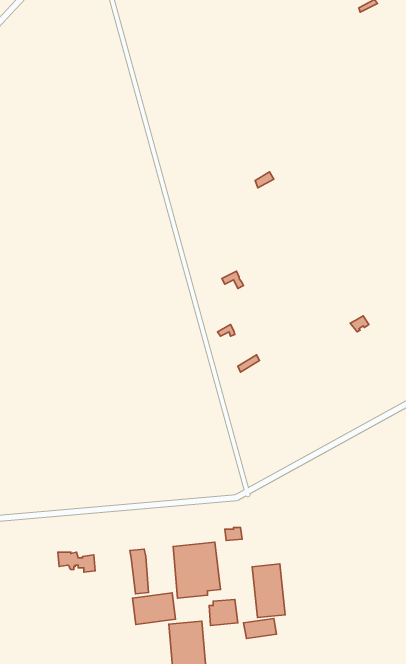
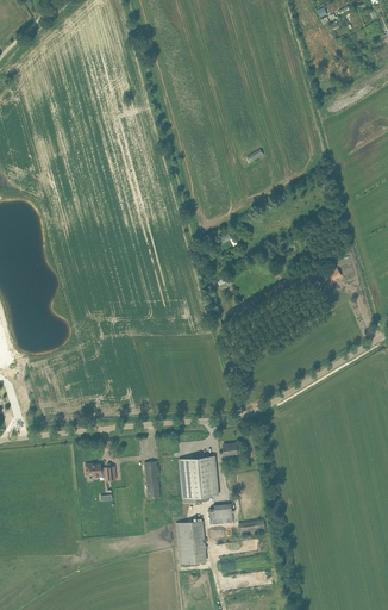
building: [252,564,285,618] -> none
building: [133,593,176,624] -> none

